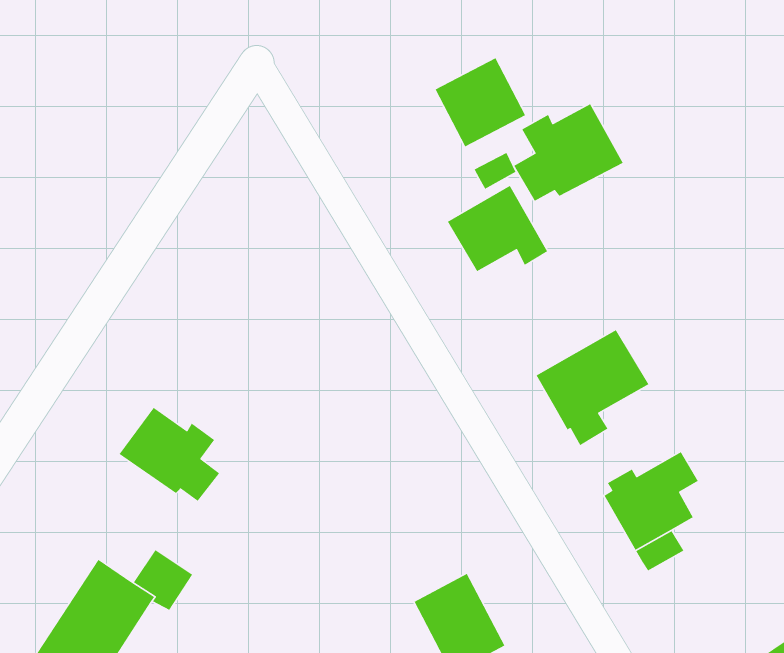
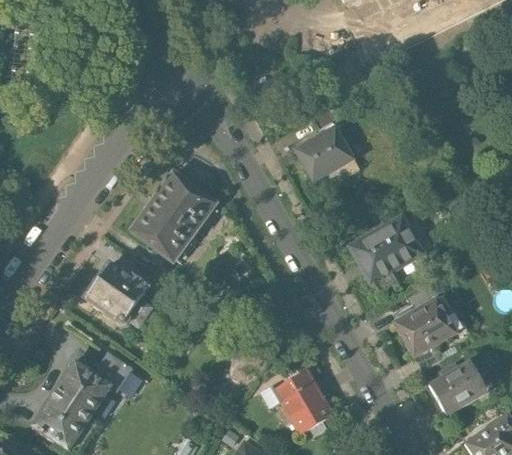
building: [435,57,526,148] -> none
building: [513,103,624,202] -> none
building: none -> [130,170,217,261]
building: none -> [430,358,496,412]

